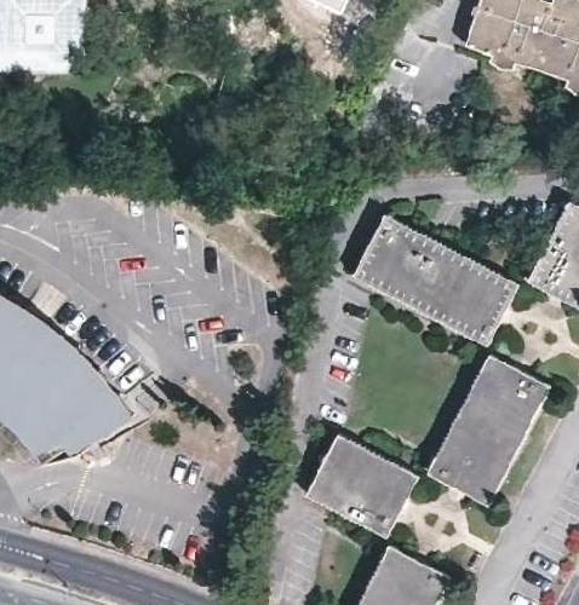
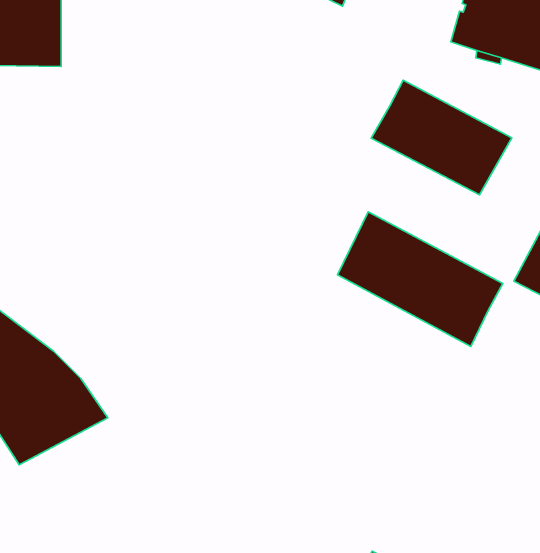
building: none -> [371,80,512,195]
building: [426,356,548,505] -> none
building: [306,434,415,536] -> none

